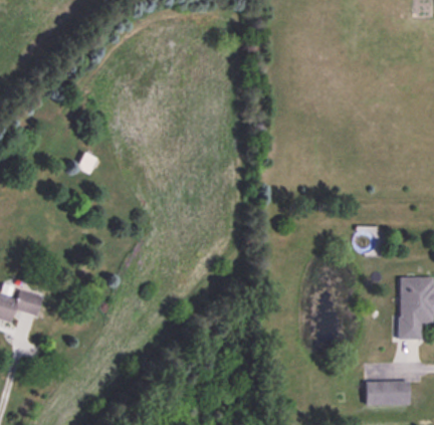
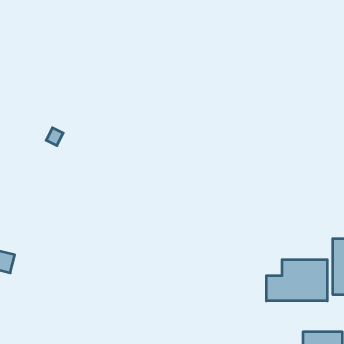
building: none -> [266,260,327,301]

